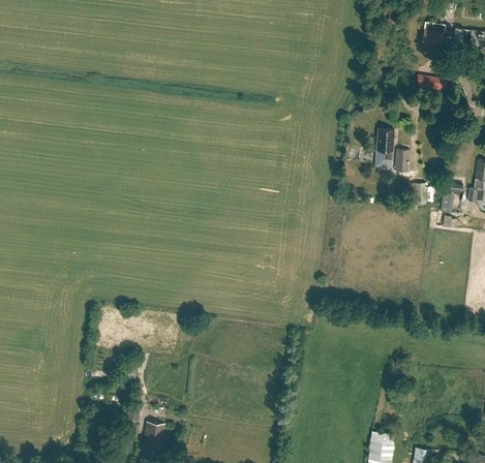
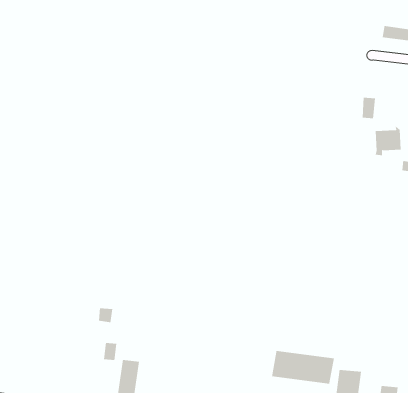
building: [376,129,394,159] -> none
building: none -> [271,350,334,384]

